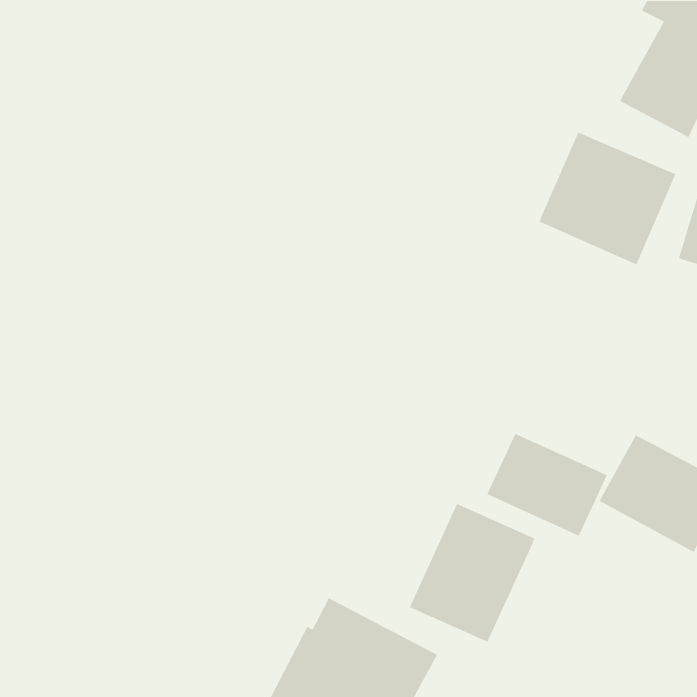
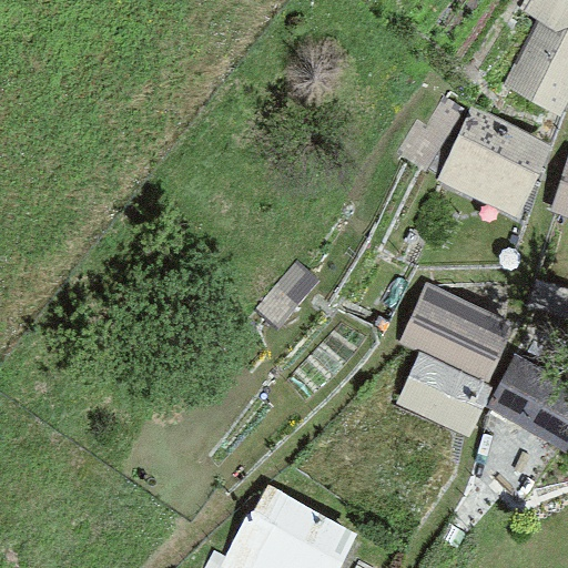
building: none -> [399,283,516,384]
building: [409,503,536,643] -> none

